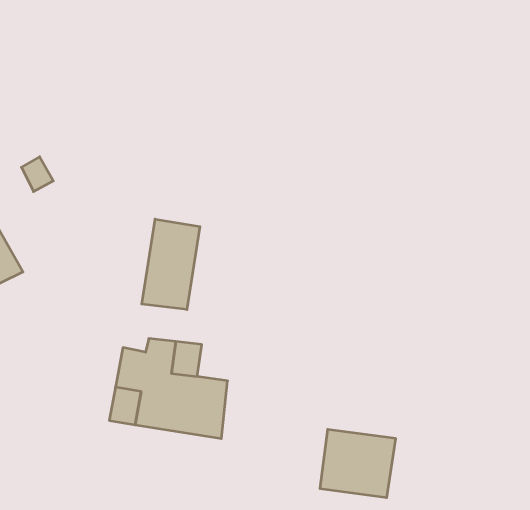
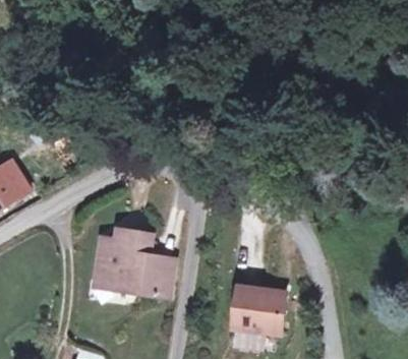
building: [142,219,200,310] -> none

